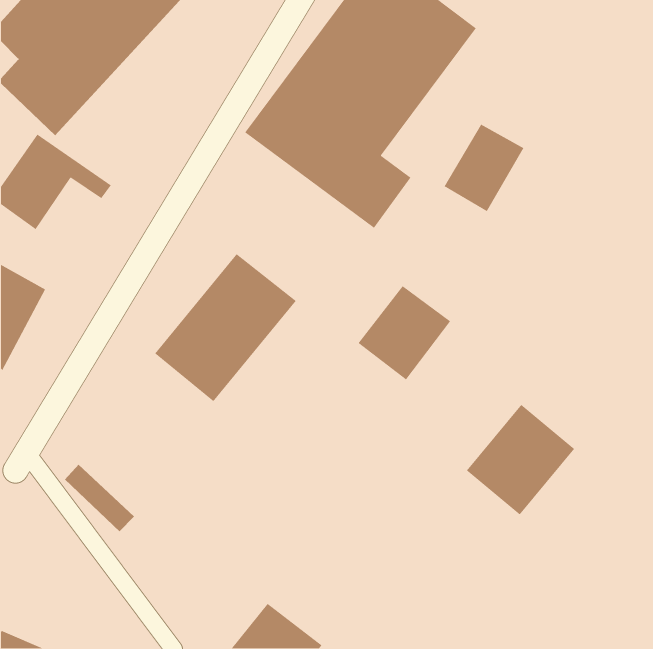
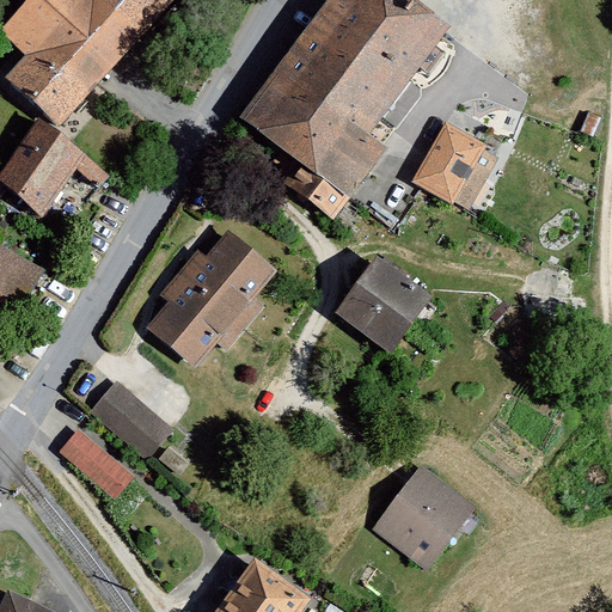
building: none -> [97,371,184,453]
building: [466,404,575,516] -> [375,466,477,570]

